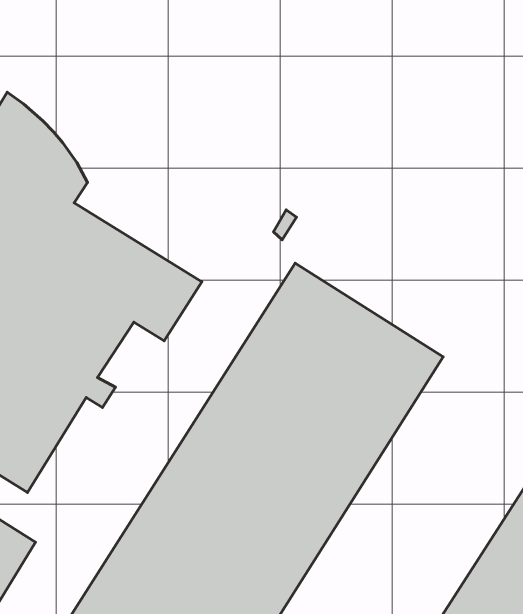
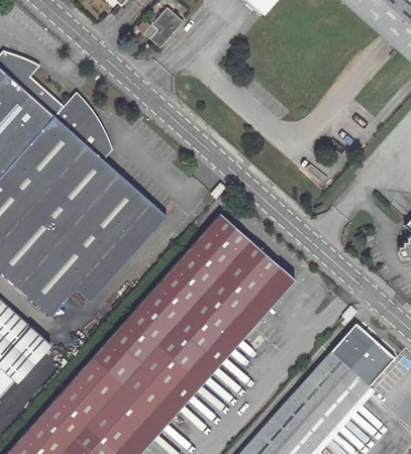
building: none -> [76,231,141,301]

